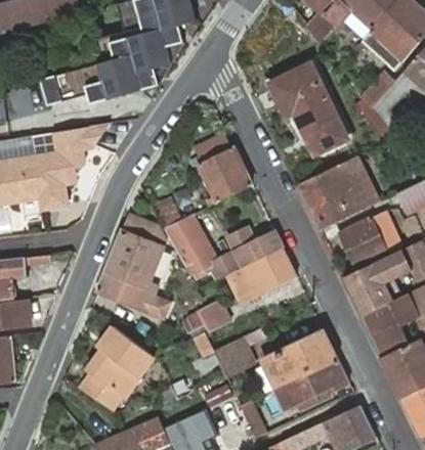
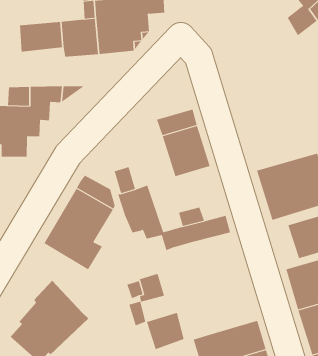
building: [274,70,344,150] -> none
building: [228,249,297,303] -> none

